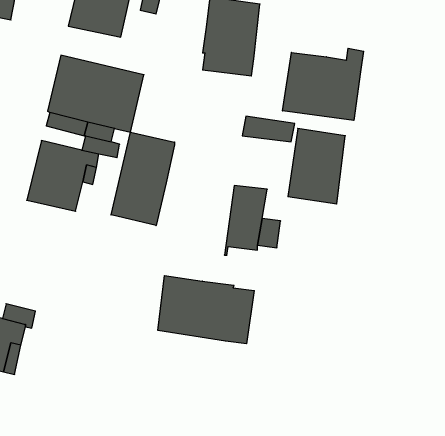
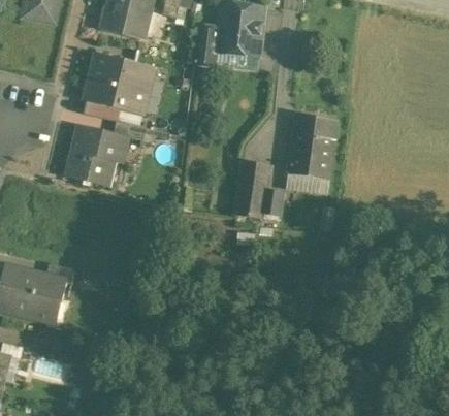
building: none -> [193,27,218,65]
building: [283,48,364,120] -> none
building: [242,116,295,142] -> [284,172,328,194]
building: [111,132,175,226] -> none
building: [158,276,254,344] -> none

